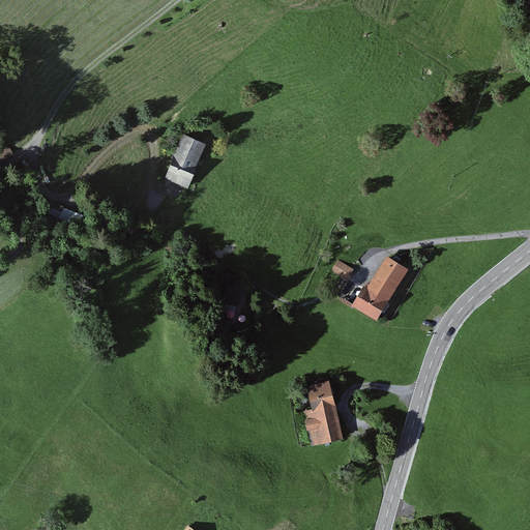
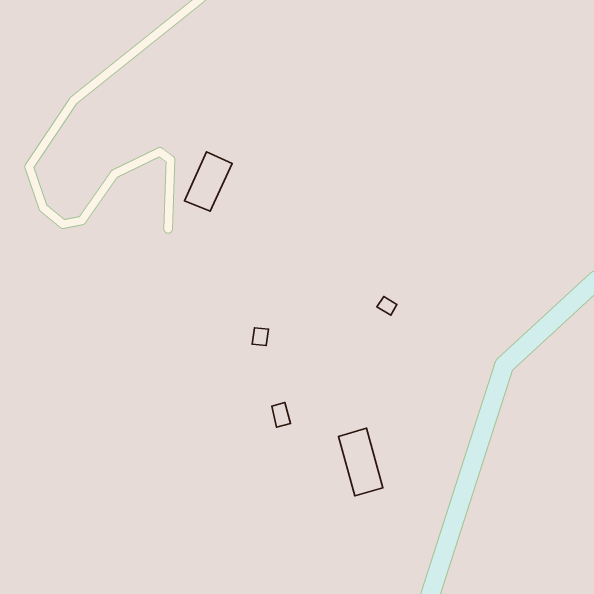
building: [355,259,407,316] -> none

